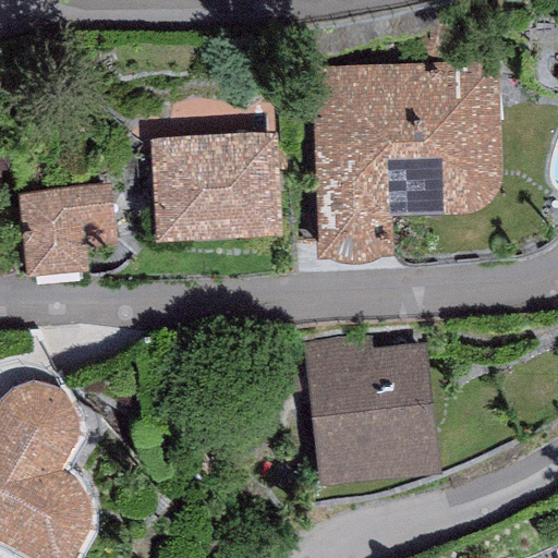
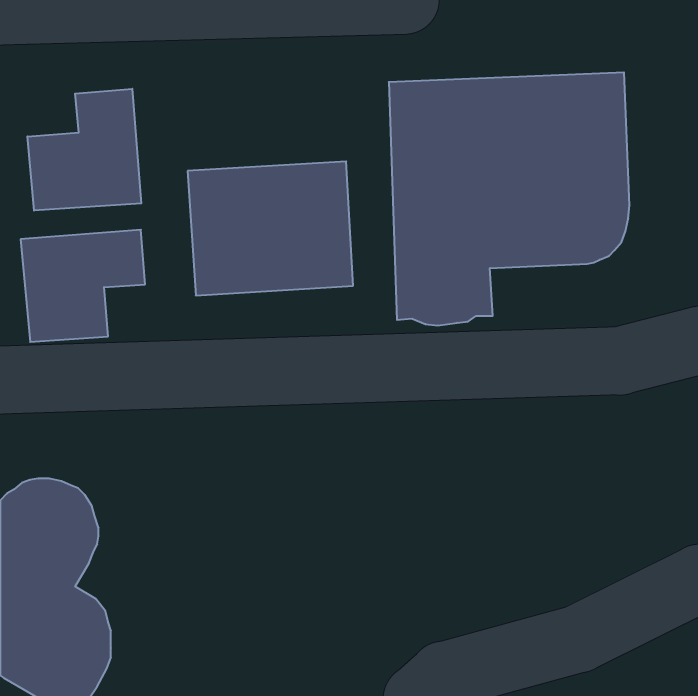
building: none -> [27,89,141,211]
building: [303,337,440,484] -> none

